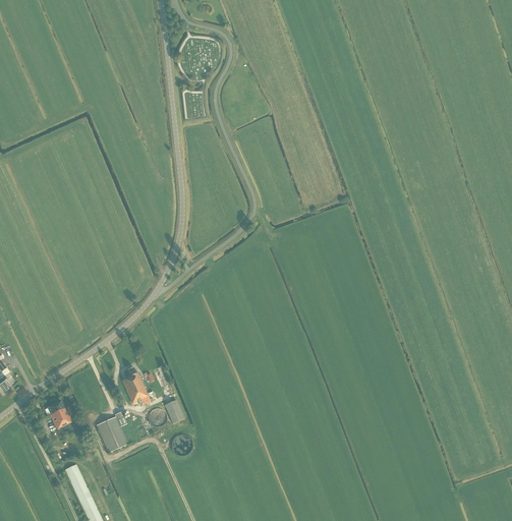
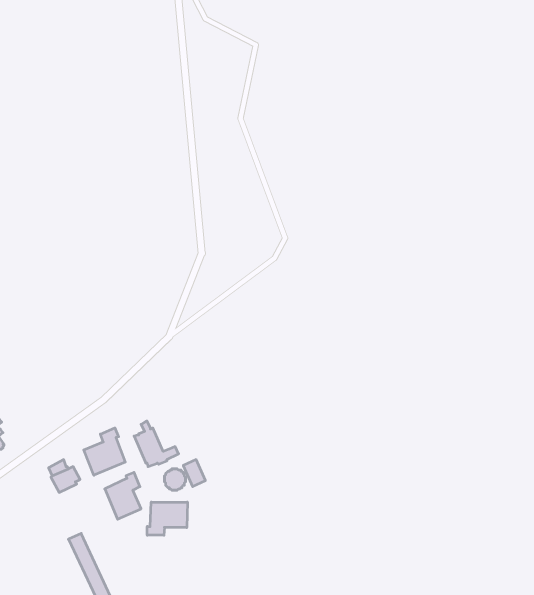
building: none -> [84,428,125,475]
building: none -> [147,502,187,535]

